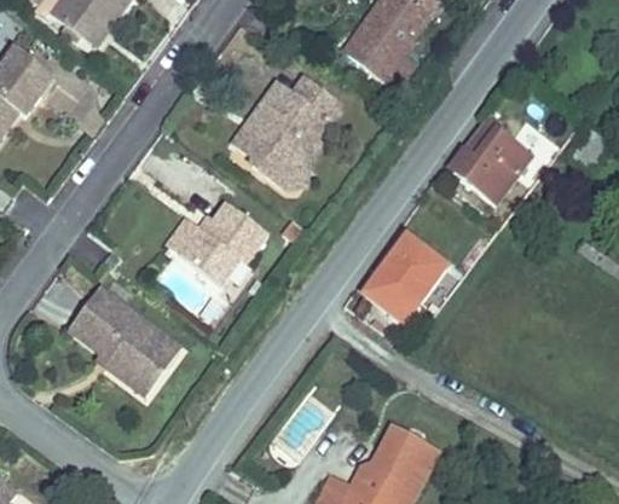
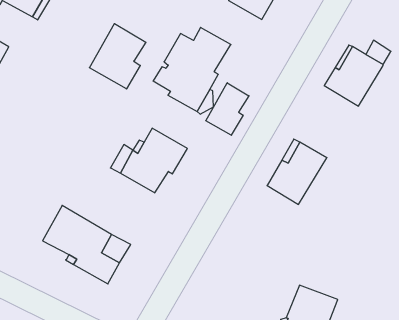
building: none -> [89,24,146,89]
building: none -> [206,83,249,135]

